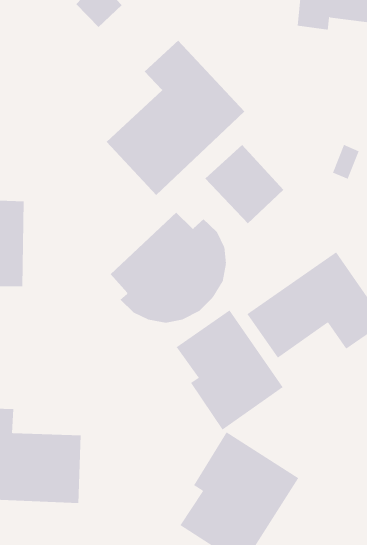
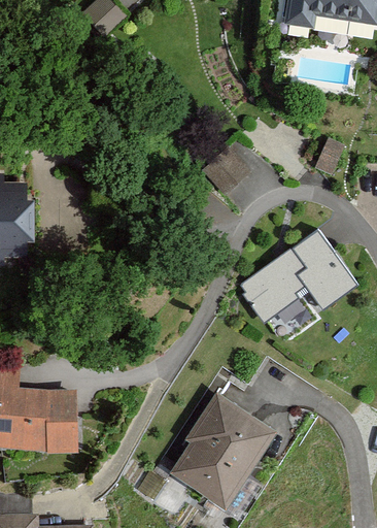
building: [106,40,245,196] -> none
building: [110,212,226,323] -> none
building: [176,309,284,430] -> none

